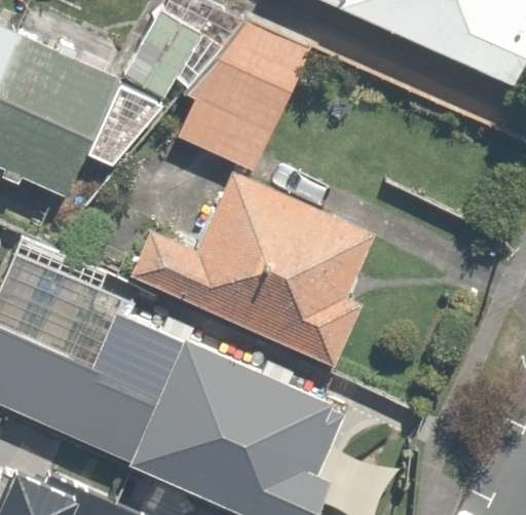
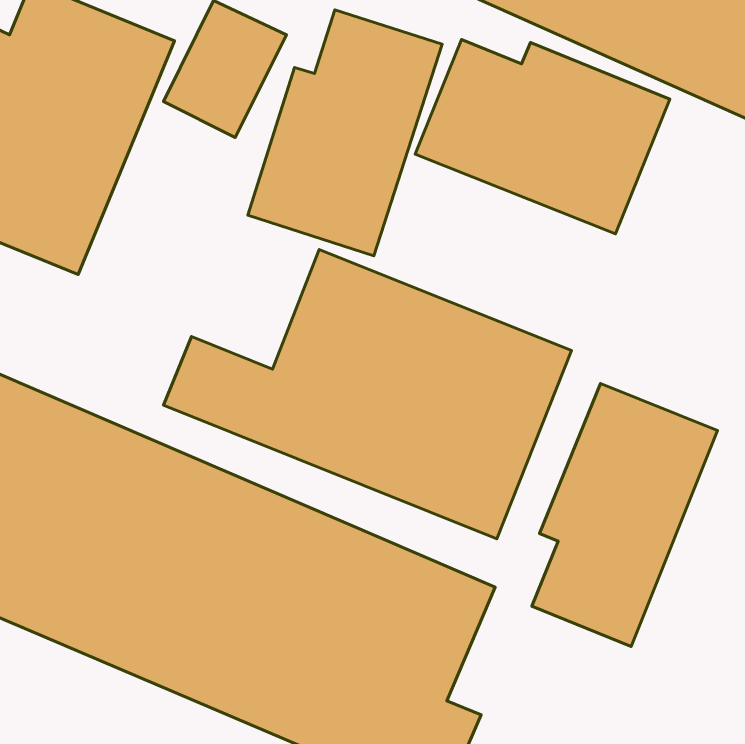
building: none -> [415,39,670,234]
building: none -> [532,383,718,646]

